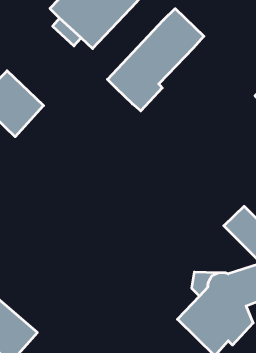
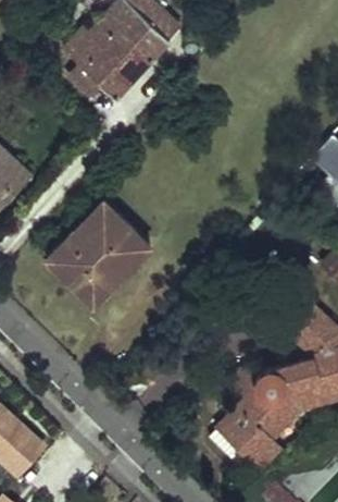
building: [107,9,204,111] -> none
building: none -> [48,196,153,302]

